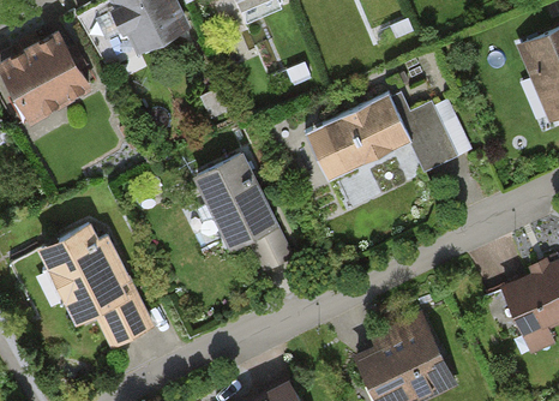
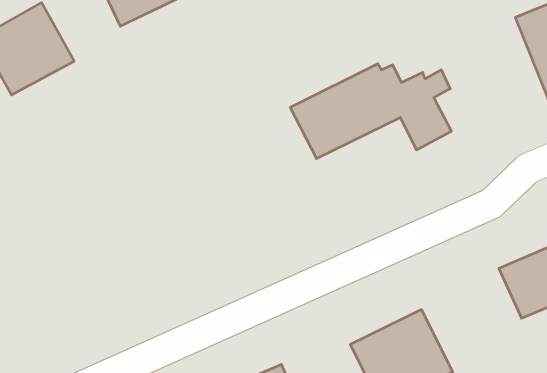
building: [197,152,283,255] -> none
building: [40,222,151,352] -> none

